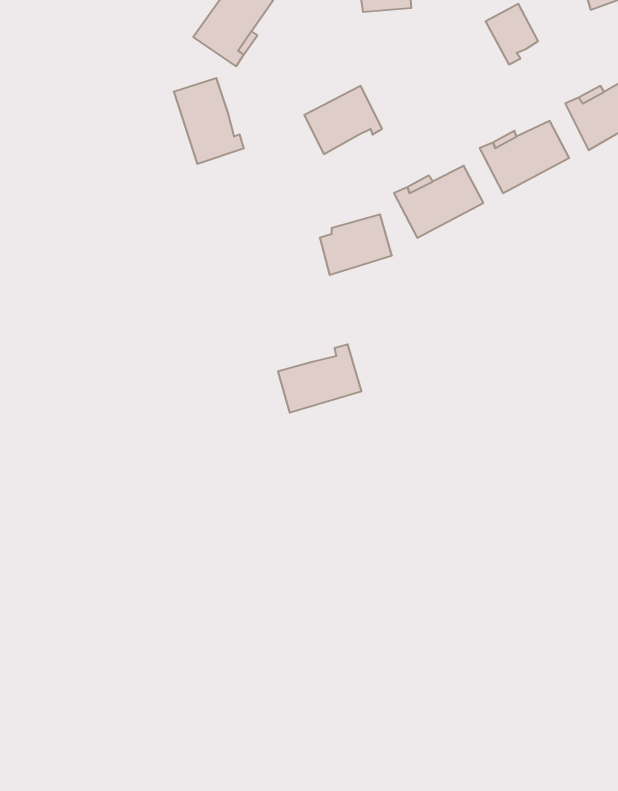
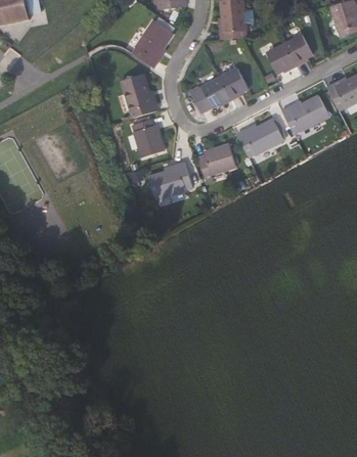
building: none -> [266,44,297,73]
building: none -> [219,68,248,100]
building: none -> [131,121,164,158]
building: [278,344,362,413] -> [147,163,191,198]

